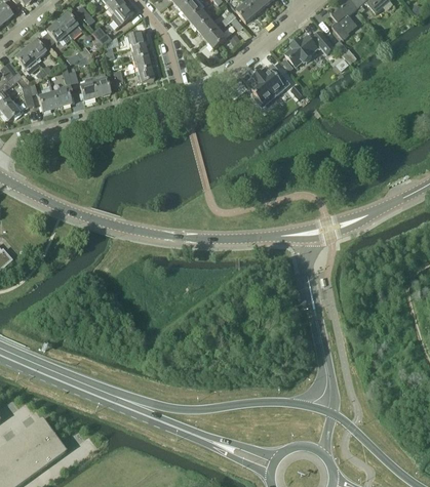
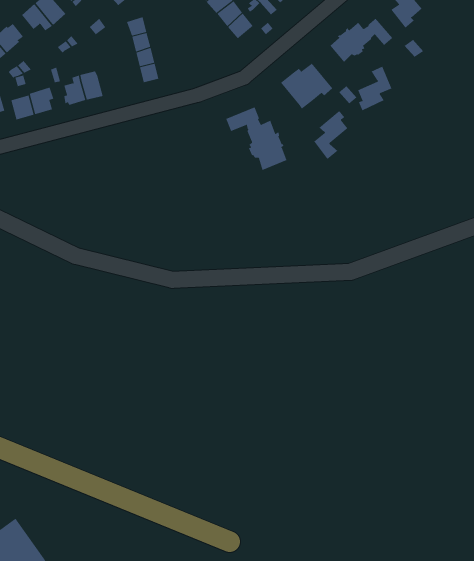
building: none -> [357,66,392,111]
building: none -> [226,107,287,171]
building: none -> [313,110,348,160]

